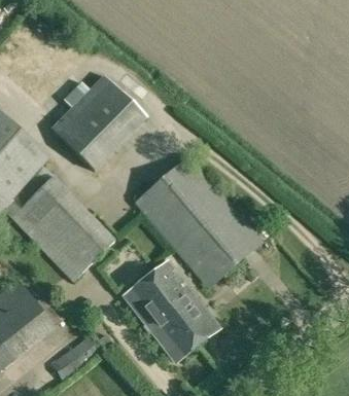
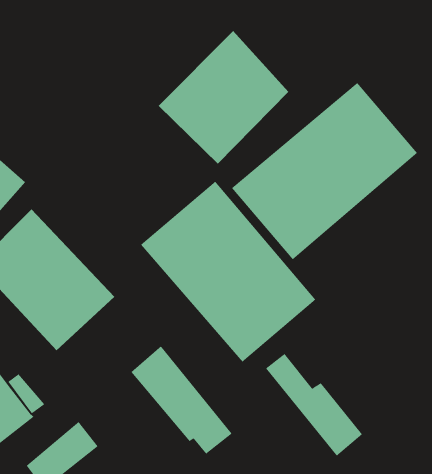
building: [49,72,146,171] -> [158,30,289,164]
building: none -> [231,82,418,260]
building: [148,264,220,340] -> [265,353,363,456]

